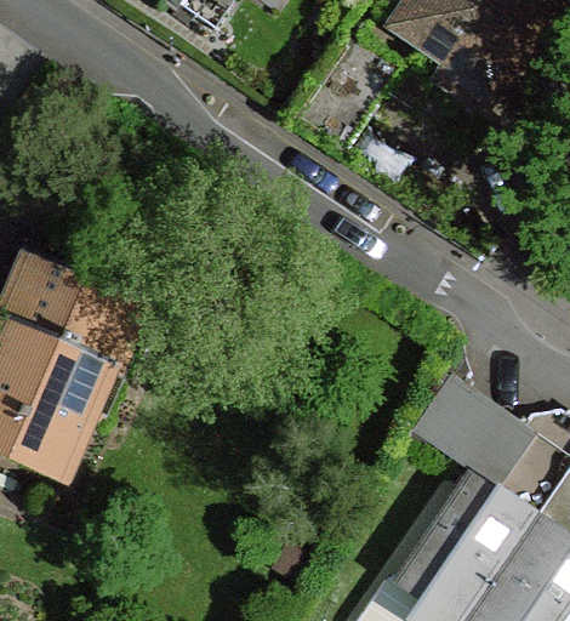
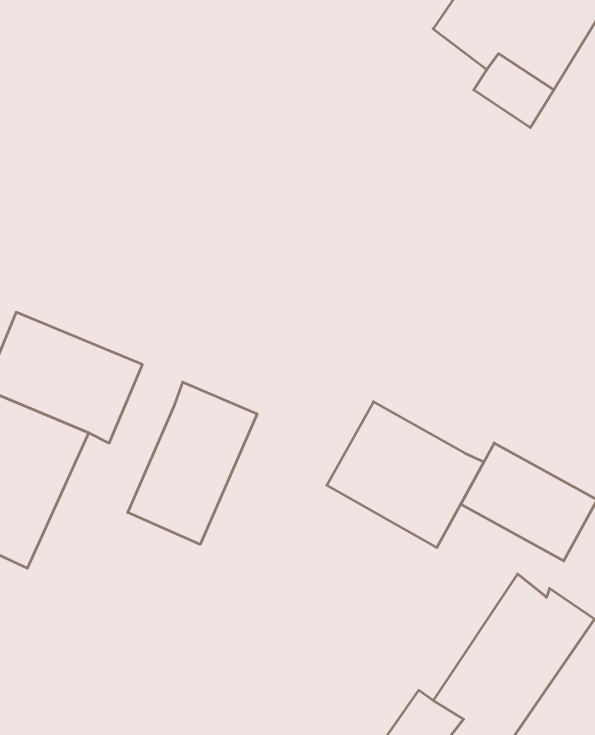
building: none -> [128,382,257,544]
building: none -> [327,402,484,548]

